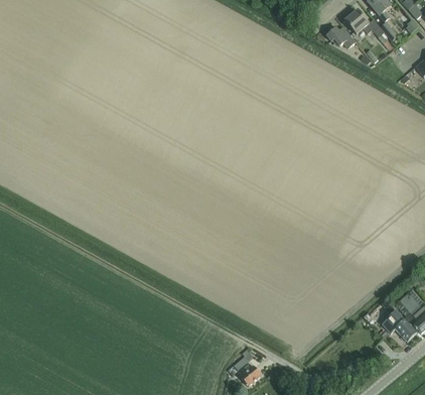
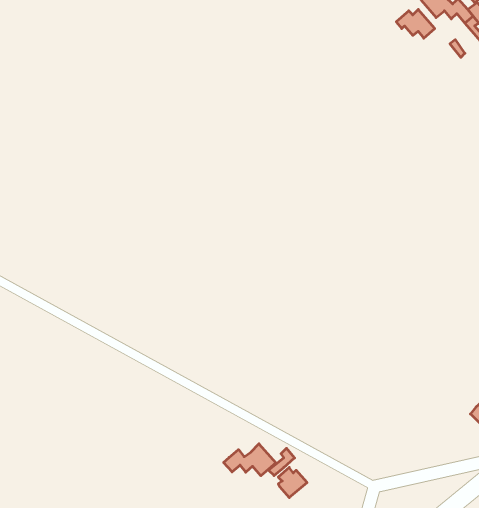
building: none -> [224,444,276,476]

